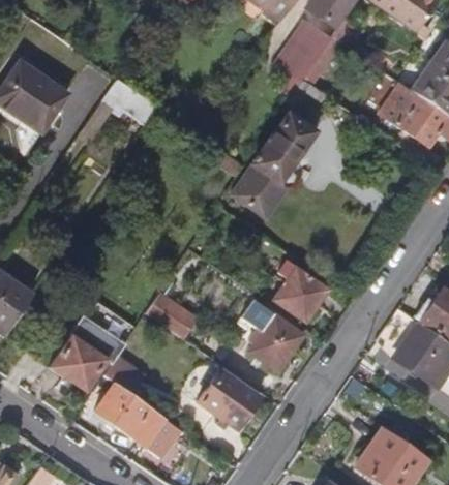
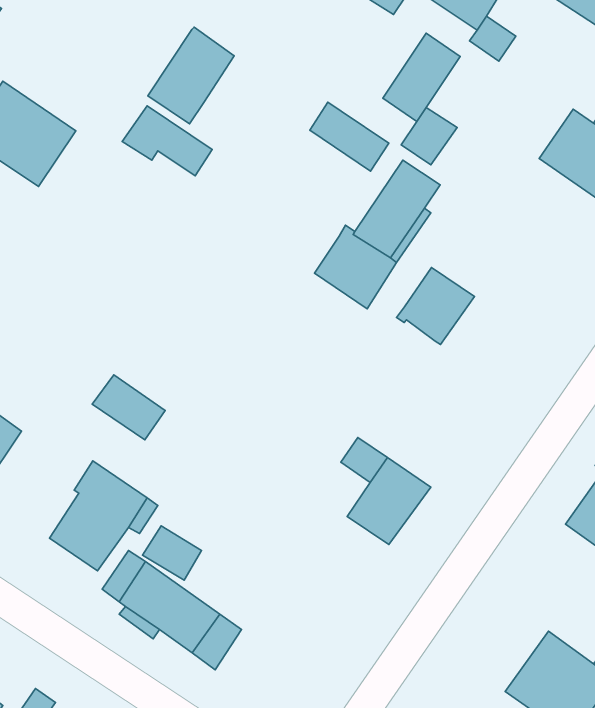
building: none -> [148,27,234,124]
building: none -> [310,102,389,171]
building: none -> [397,268,474,344]
building: [281,273,333,326] -> none
building: [144,295,192,338] -> [92,375,165,440]
building: [202,372,261,427] -> none

